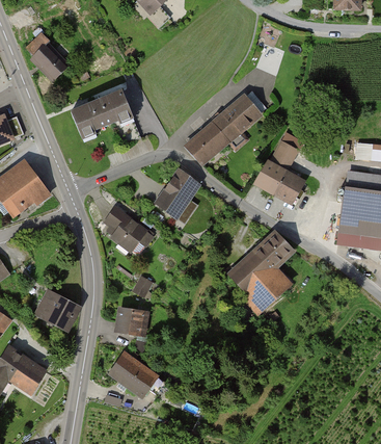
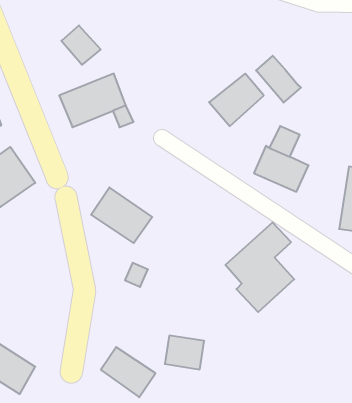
building: [29,44,66,81] -> [61,25,101,65]
building: none -> [256,56,301,103]
building: [185,119,232,164] -> none
building: [154,171,198,219] -> none
building: [42,294,80,332] -> none
building: [115,304,153,336] -> [165,336,204,369]

